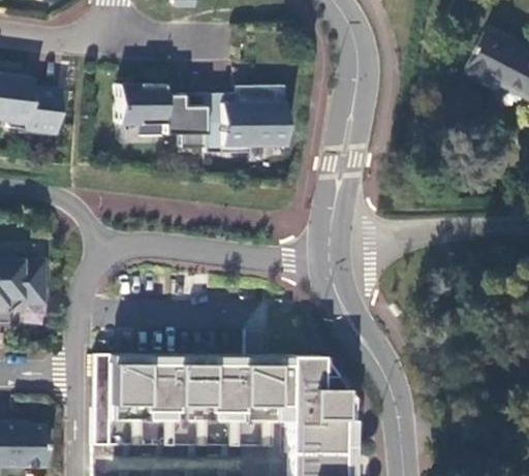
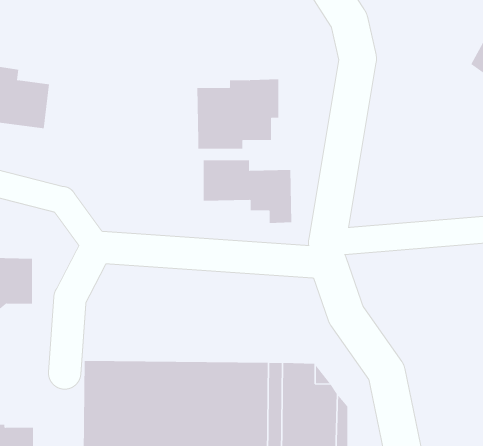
building: [118,83,205,145] -> [203,160,292,224]

